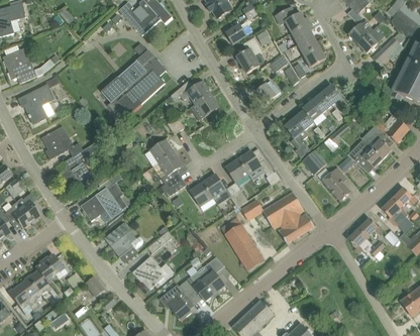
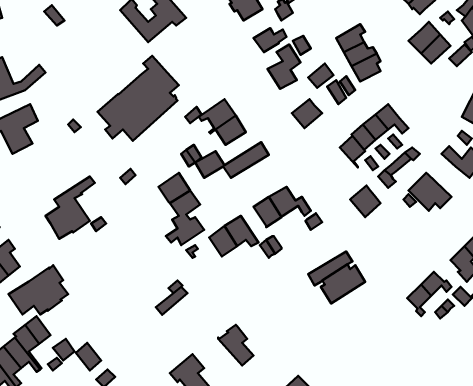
building: [275,6,310,32] -> none
building: [285,119,311,157] -> none
building: [41,125,83,159] -> none
building: [363,126,392,158] -> none
building: [322,167,350,201] -> none
building: [80,182,127,221] -> [9,265,68,315]
building: [240,192,299,220] -> [195,142,269,178]
building: [221,218,265,271] -> none
building: [104,222,136,257] -> none
building: [132,256,164,289] -> none
building: [183,271,216,301] -> none

